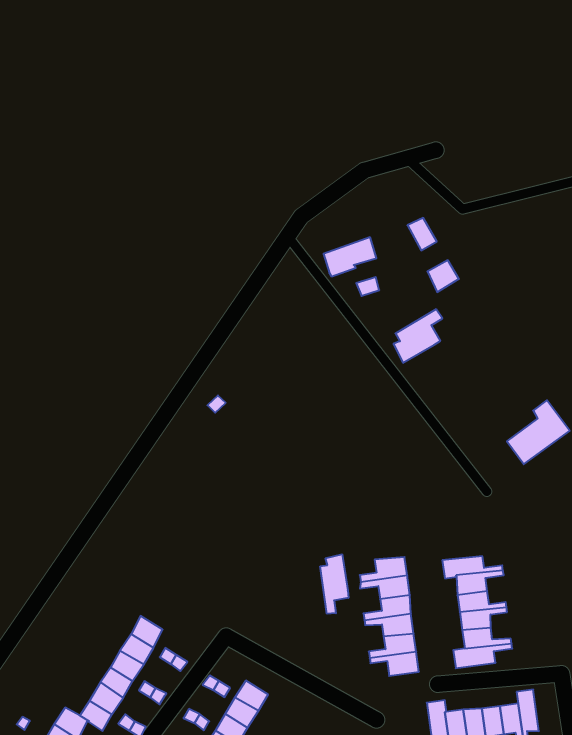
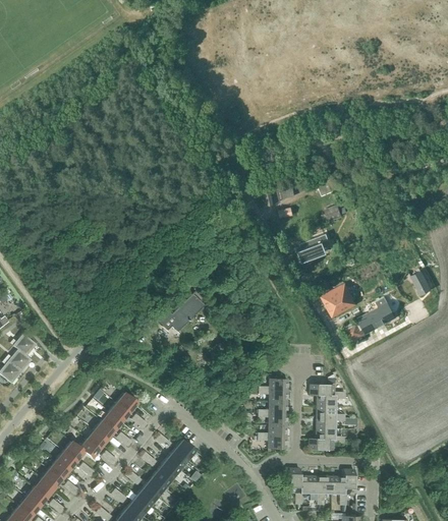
building: none -> [322,282,358,317]
building: none -> [155,295,204,332]
building: [320,554,348,614] -> none

